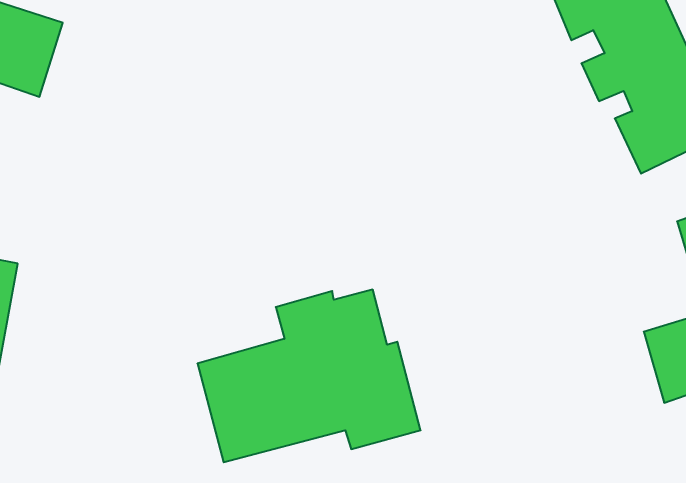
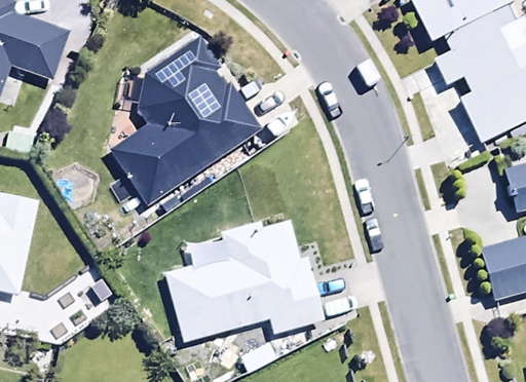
building: none -> [109,39,259,204]

